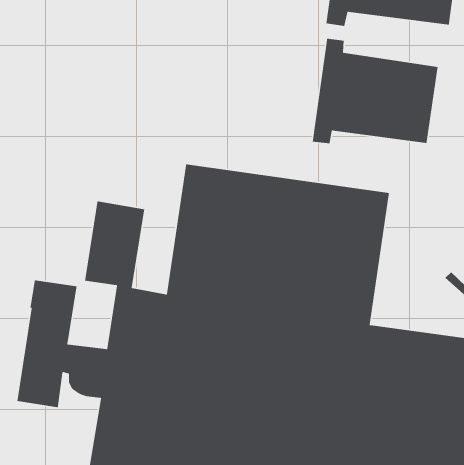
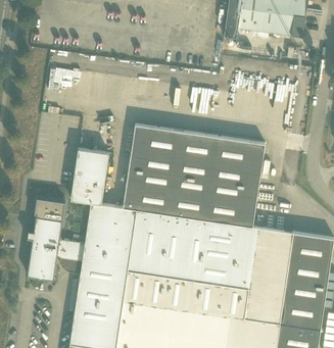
building: [312,38,438,144] -> none

